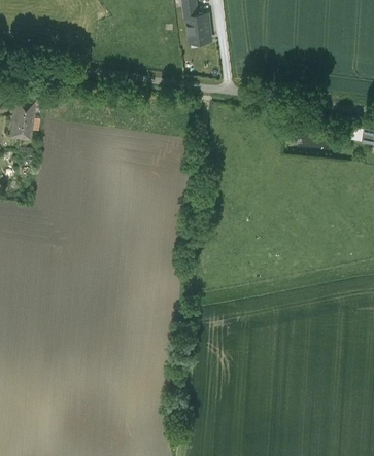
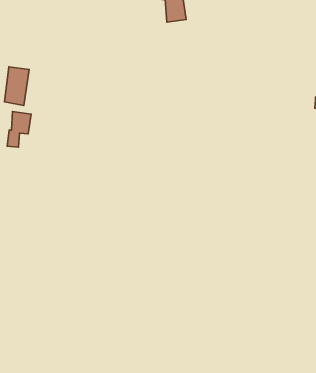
building: none -> [7,112,31,147]

